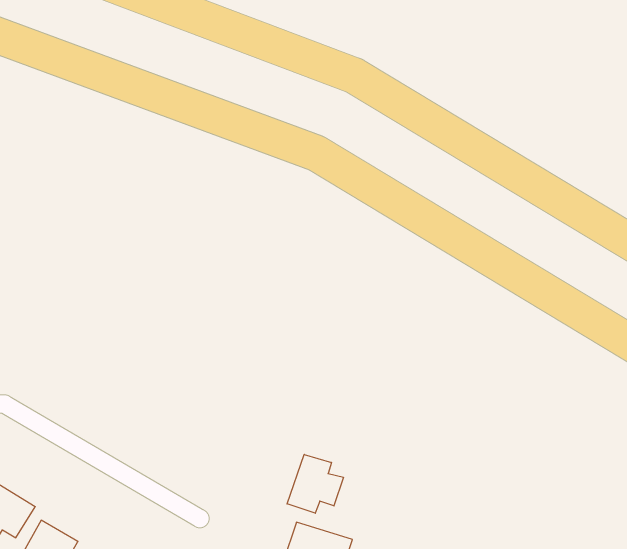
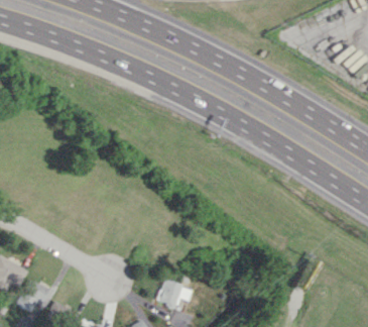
building: [287,454,343,513] -> none

